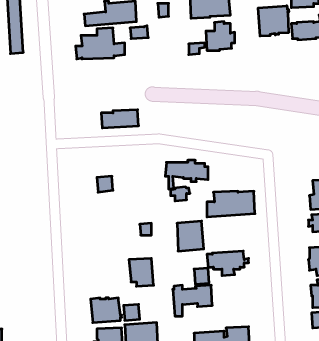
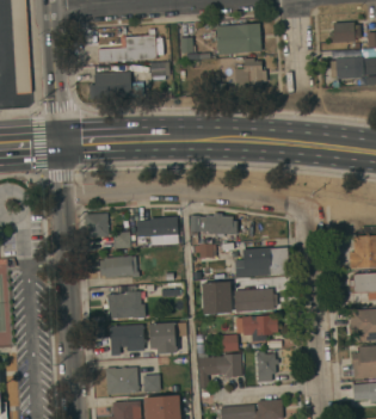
building: [258,6,289,36] -> none
building: [101,110,139,128] -> [136,217,178,238]
building: none -> [84,214,107,239]
building: none -> [99,257,138,278]
building: none -> [104,285,144,320]
building: none -> [234,289,277,312]
building: none -> [109,325,144,357]
building: none -> [255,352,278,382]

